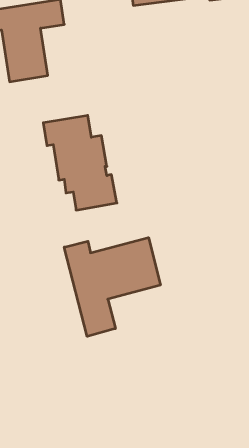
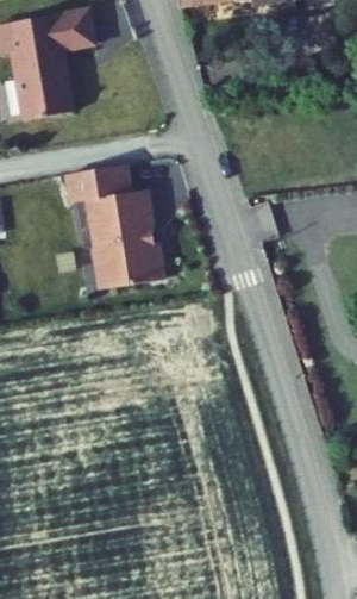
building: [64,238,160,336] -> none

